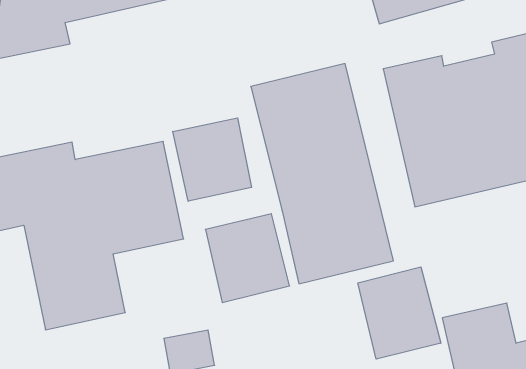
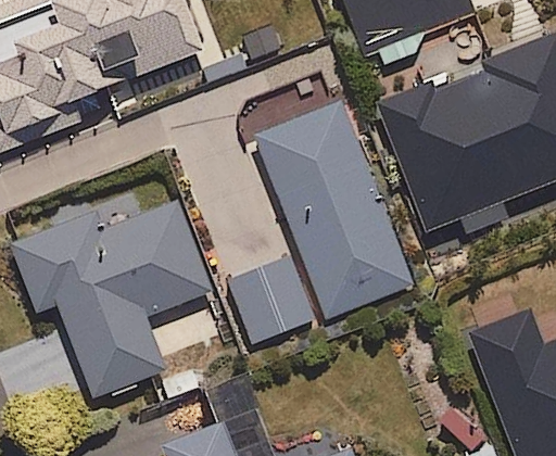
building: [173,118,252,201] -> none
building: [358,267,441,359] -> none

